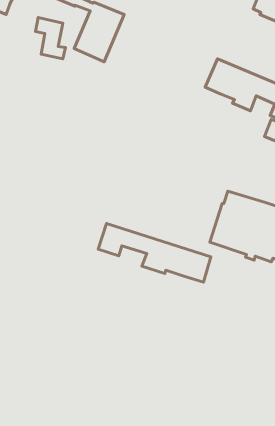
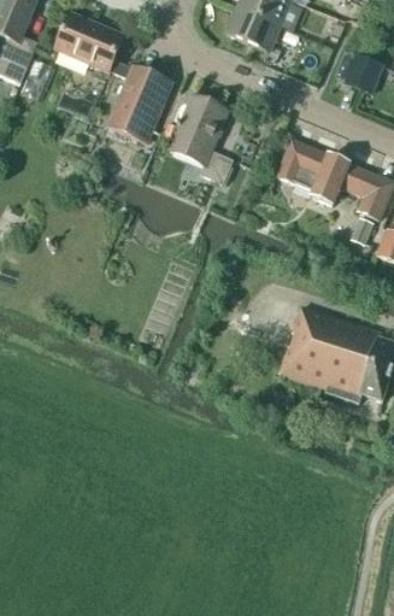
building: none -> [170,96,234,182]
building: [98,223,211,282] -> none

